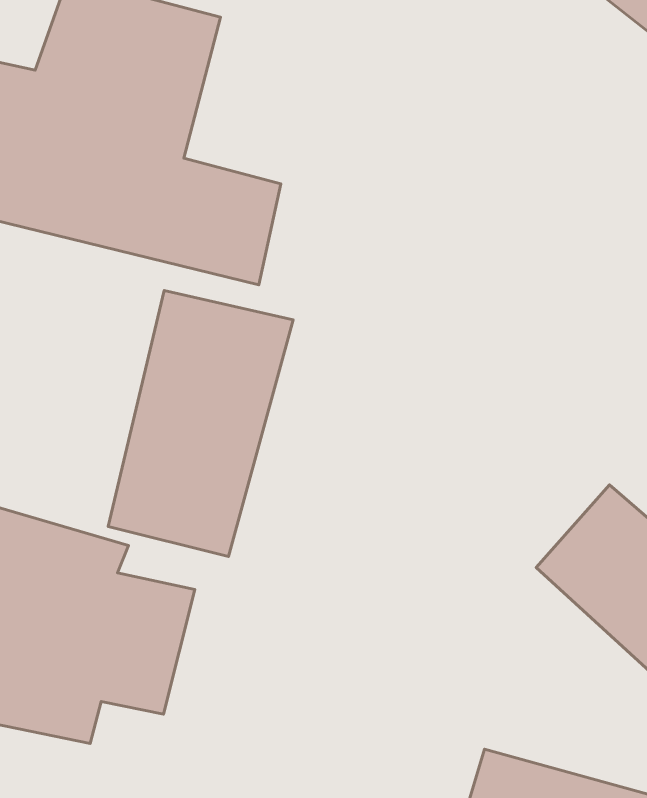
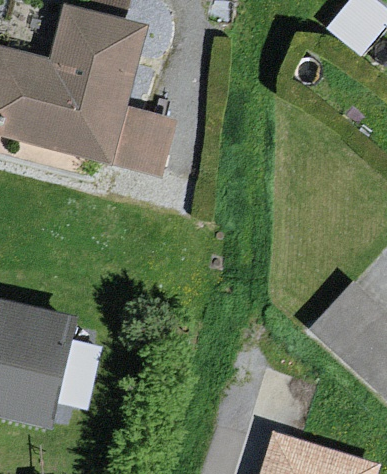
building: [108,290,293,556] -> none

